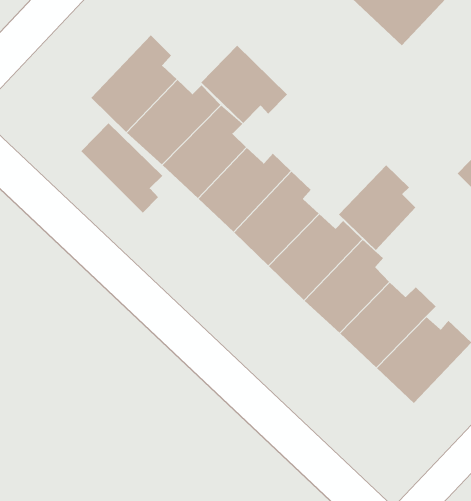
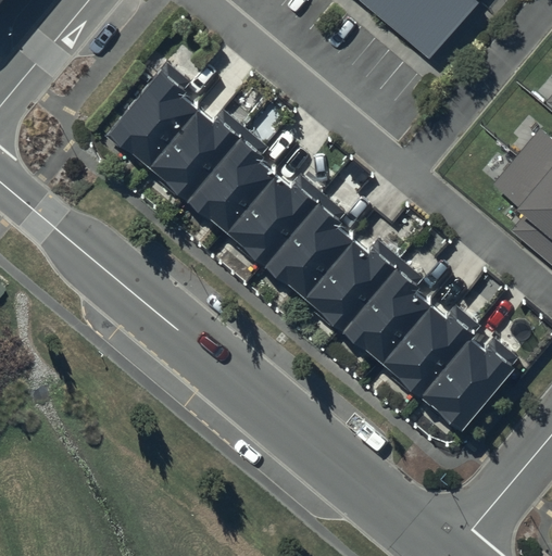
building: [200,45,288,124] -> none
building: [81,123,163,213] -> none
building: [338,164,416,251] -> none

